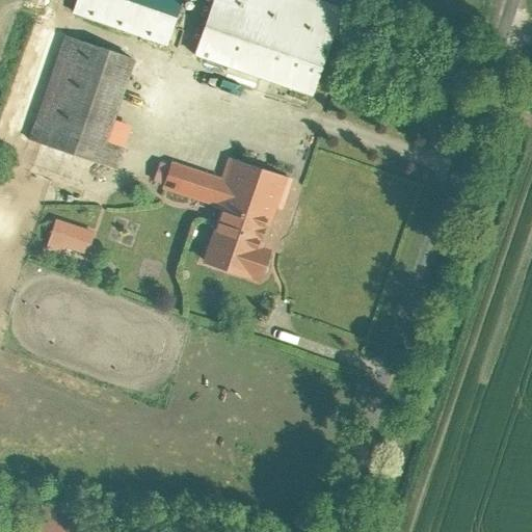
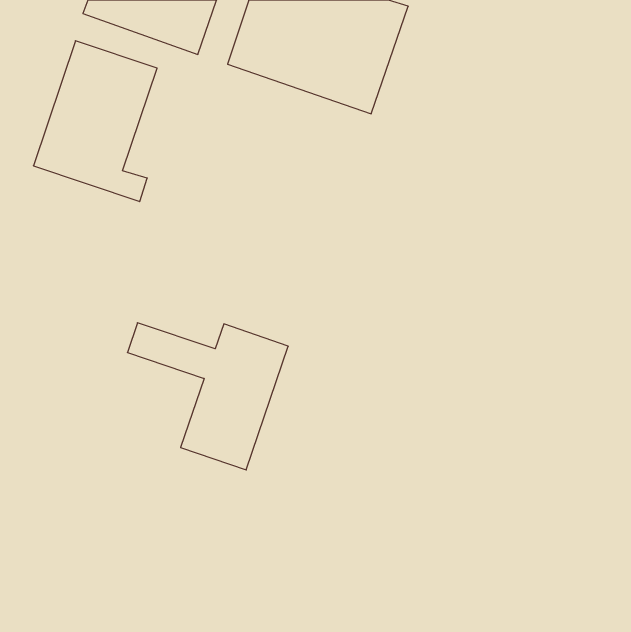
building: [154,158,289,282] -> [127,323,288,470]
building: [49,218,91,255] -> none

